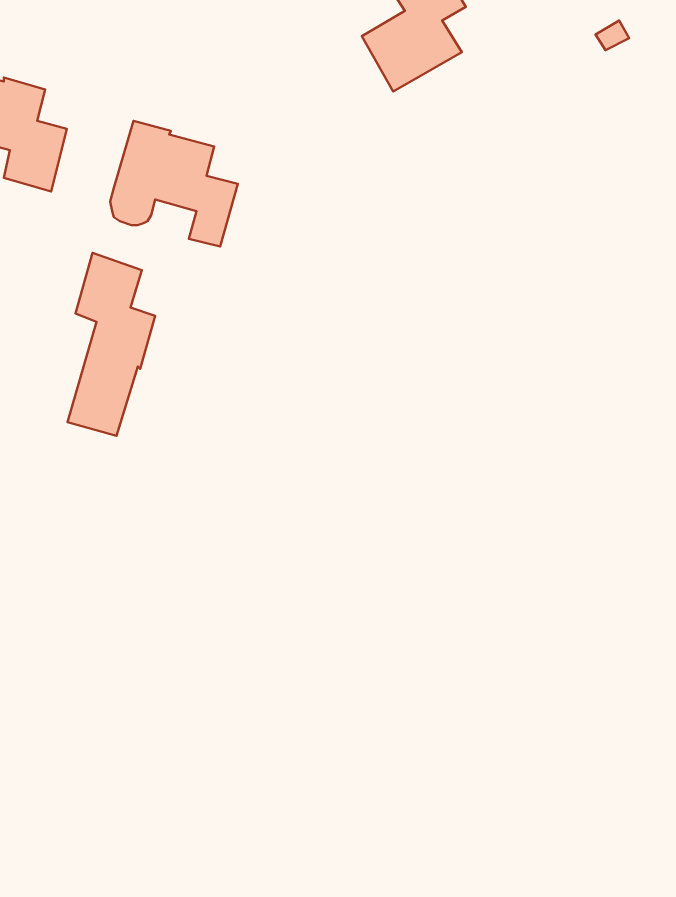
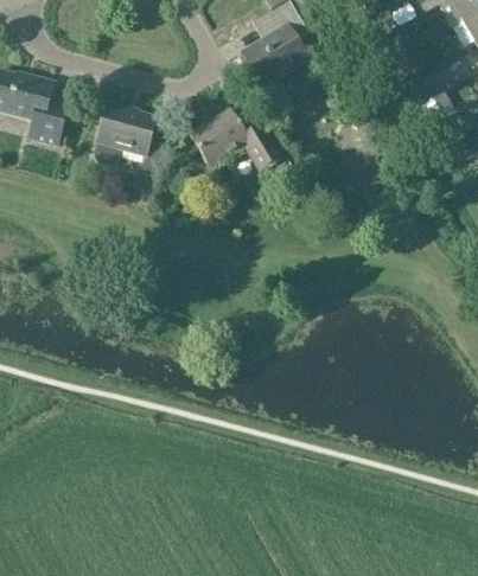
building: none -> [190,107,282,168]
building: [67,253,155,436] -> none

